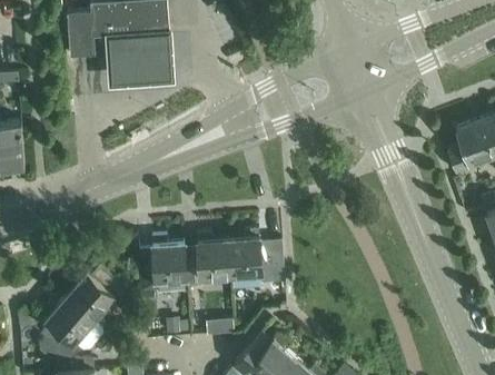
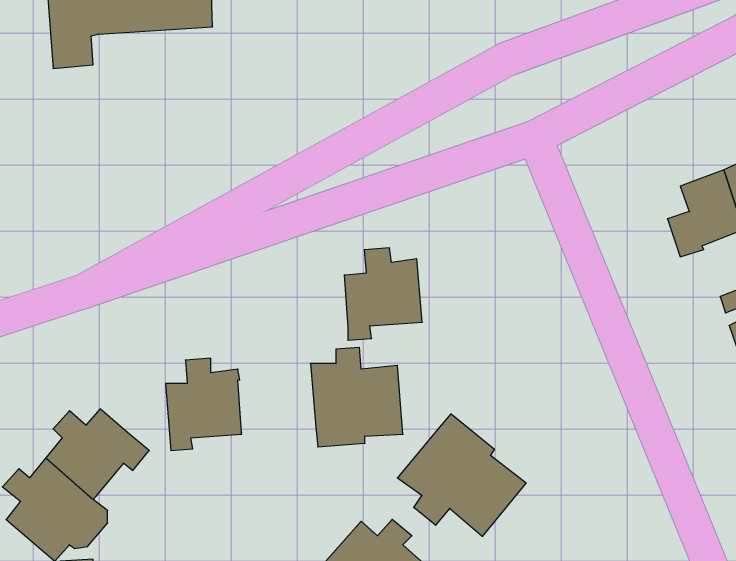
building: [98,31,171,89] -> none
building: [184,231,231,288] -> [344,248,422,340]
building: none -> [397,414,526,536]

